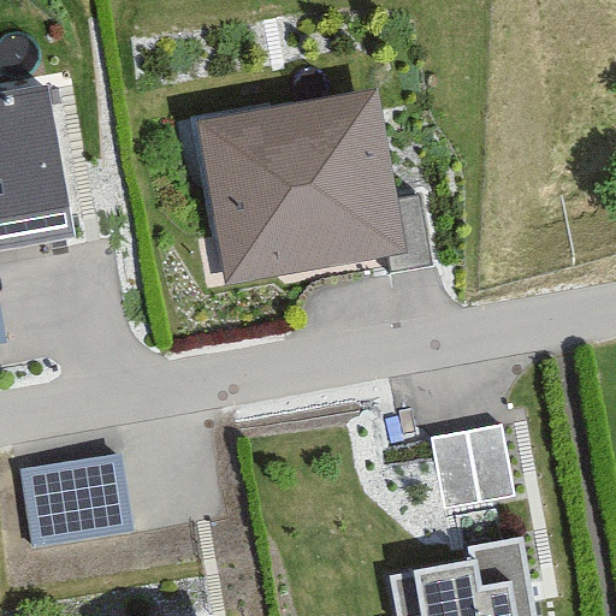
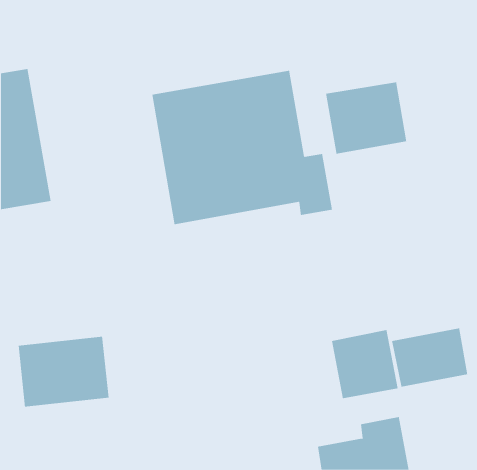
building: none -> [325,82,407,155]
building: none -> [392,328,468,388]

